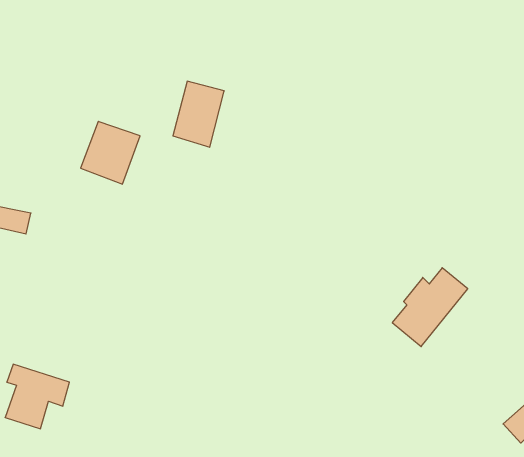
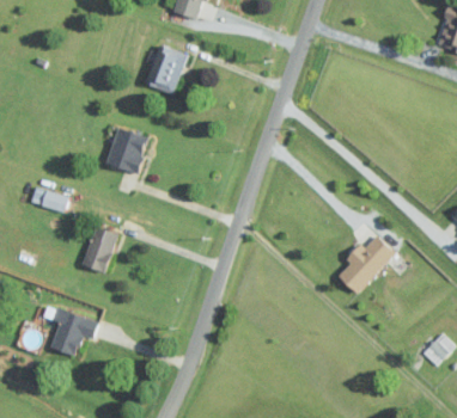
building: [173,81,224,147] -> [147,45,185,94]
building: none -> [81,226,117,273]

